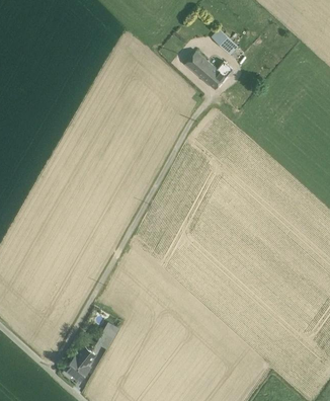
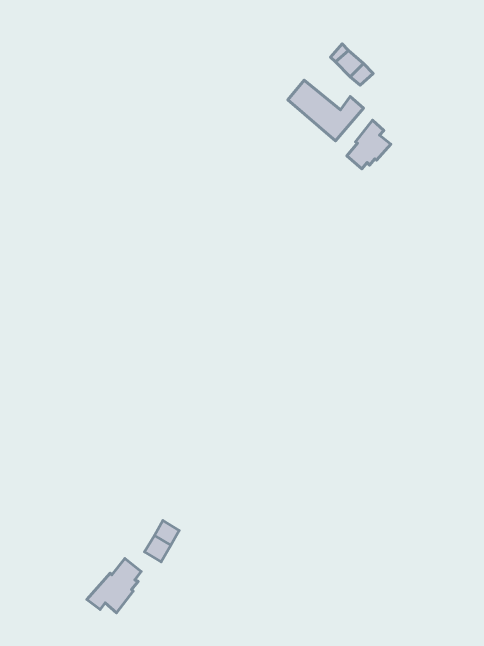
building: none -> [347,120,391,169]

